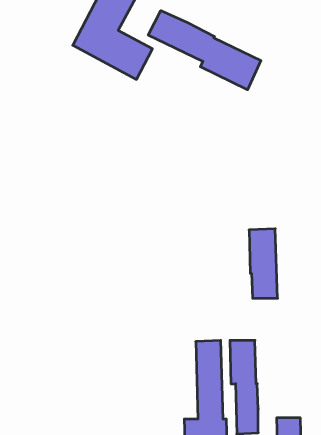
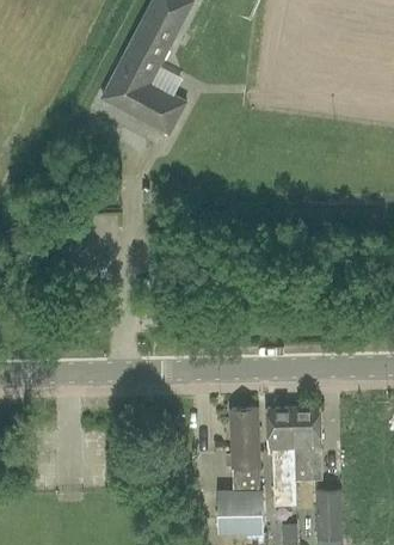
building: [148,11,261,90] -> none
building: [249,229,278,298] -> [293,408,322,480]

